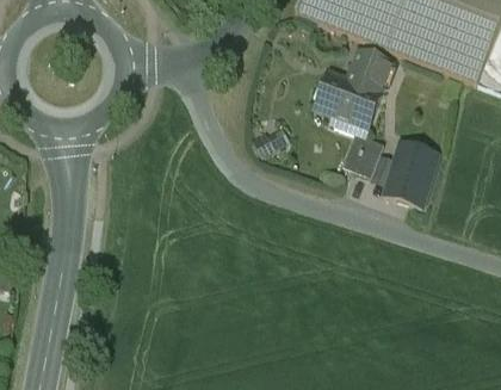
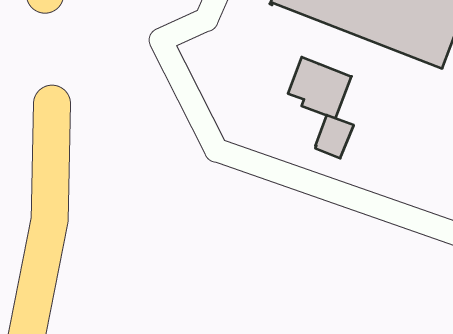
building: [347,45,392,89] -> none
building: [383,137,439,203] -> none

